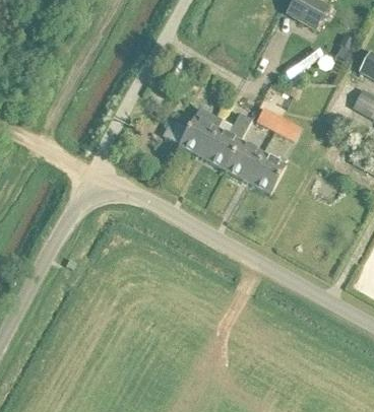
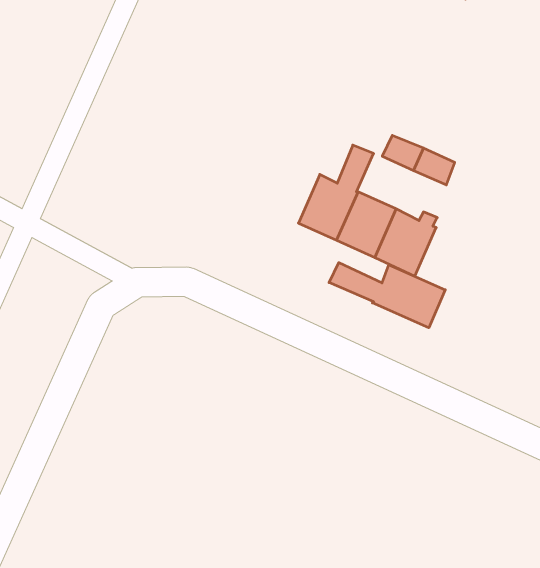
building: [164,107,221,156] -> none
building: none -> [329,263,445,328]

